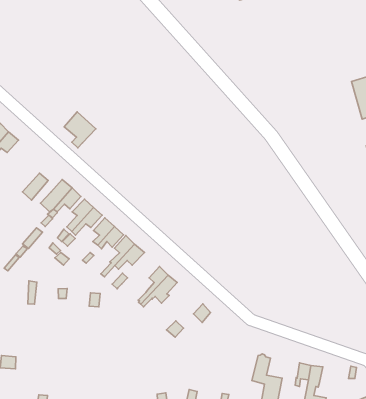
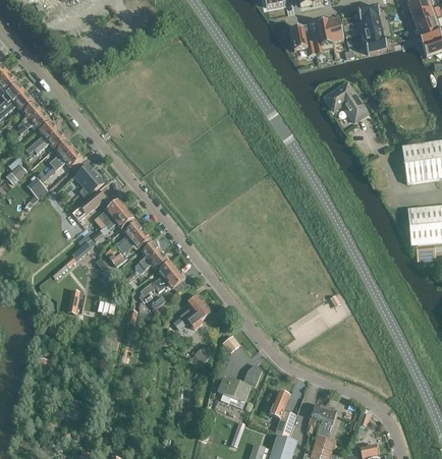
building: none -> [326,82,367,120]
building: [64,112,96,148] -> [74,163,104,196]
building: none -> [218,363,262,401]

